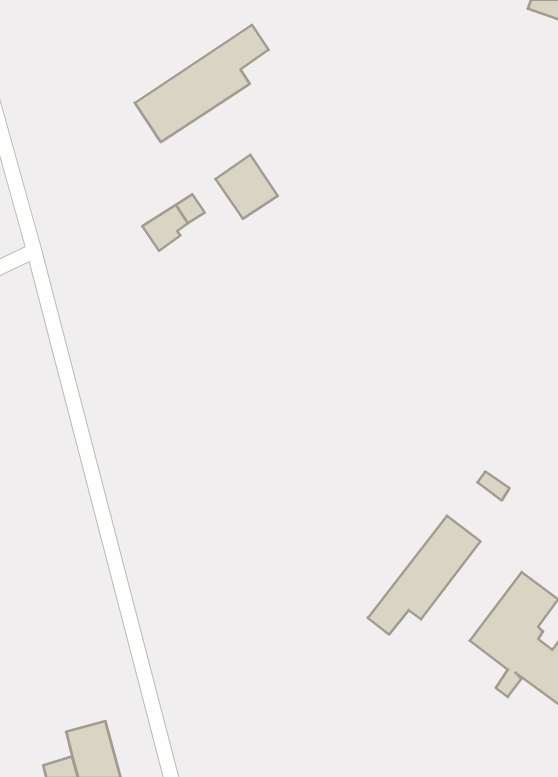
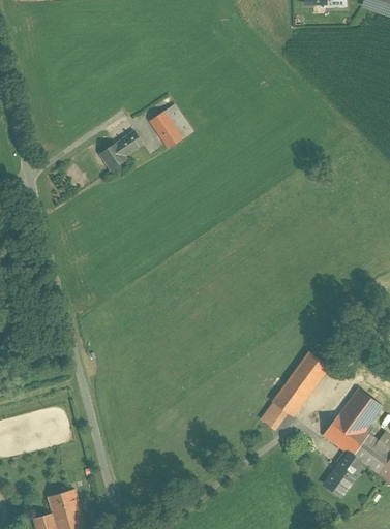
building: [135,25,269,142] -> none
building: none -> [325,466,355,497]

